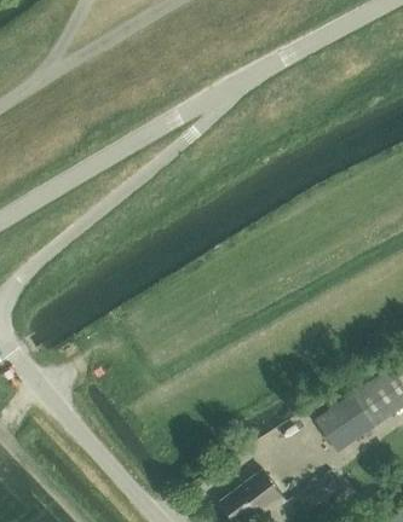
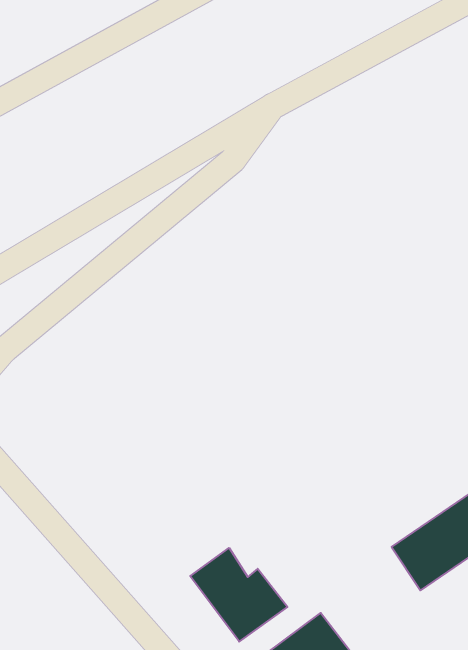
building: none -> [190,548,287,642]

